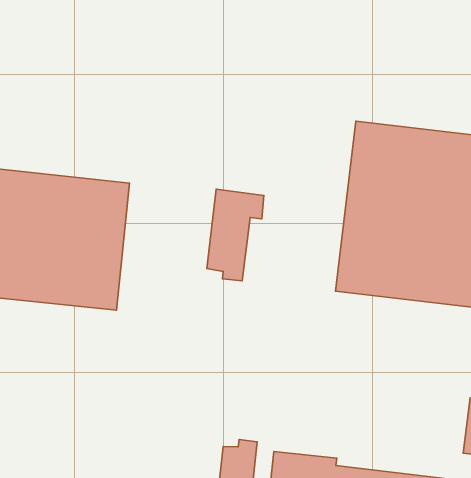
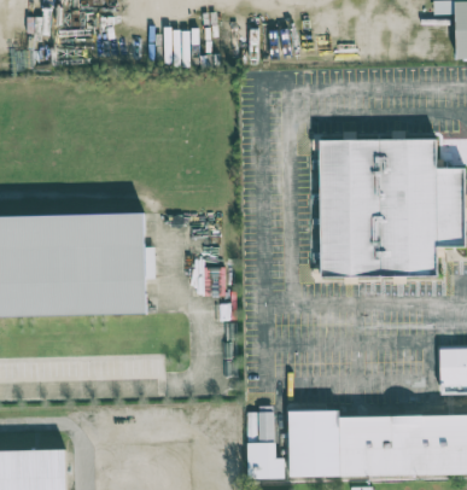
building: [207,189,264,281] -> none

